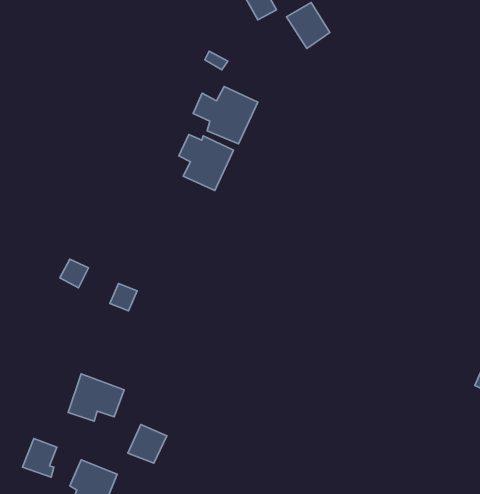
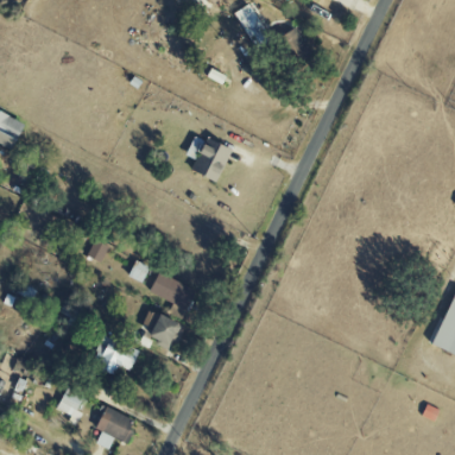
building: [193,87,258,144] -> none
building: none -> [151,272,195,308]
building: [128,424,167,463] -> [147,314,179,346]

